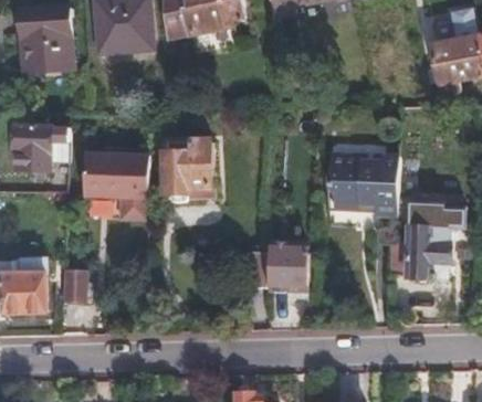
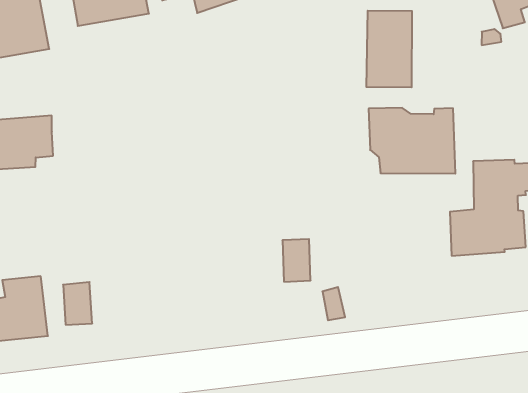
building: none -> [366,11,412,87]
building: [165,141,211,200] -> none
building: [82,151,149,218] -> none
building: [266,242,307,285] -> none

